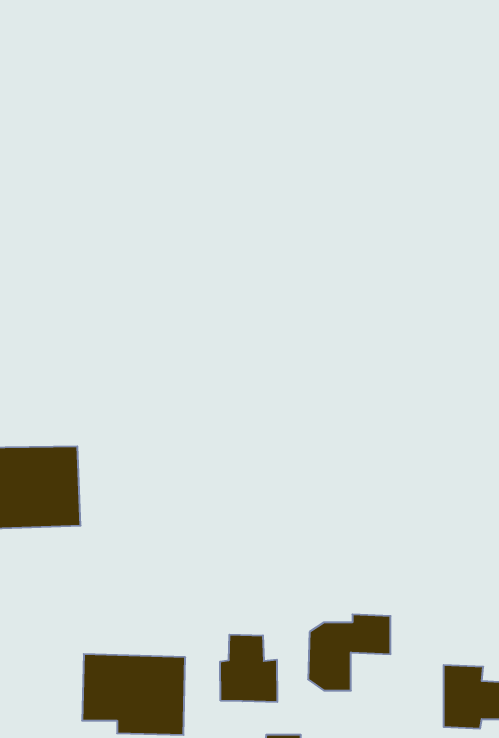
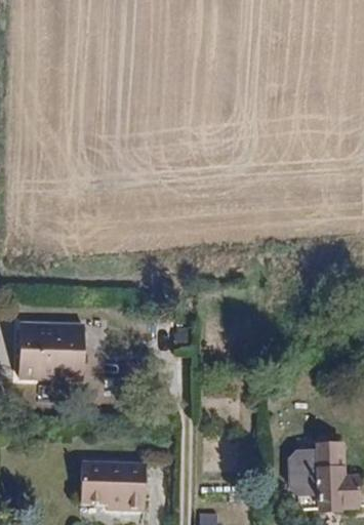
building: [308,614,391,691] -> [287,443,340,492]
building: [220,635,277,702] -> none

